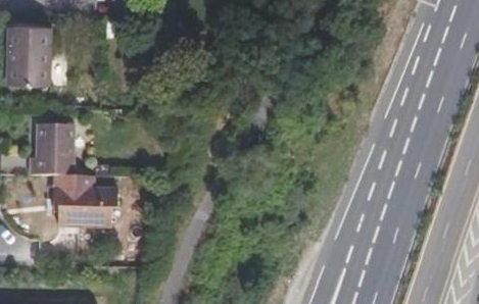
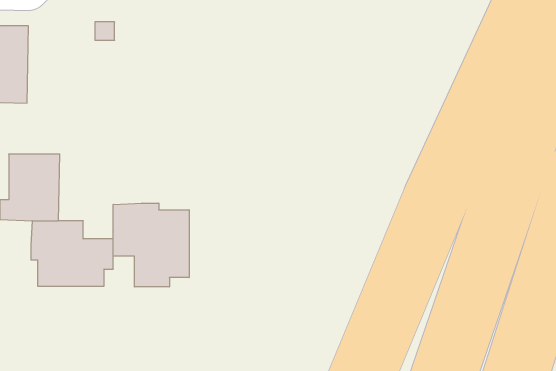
building: none -> [113,203,189,287]

